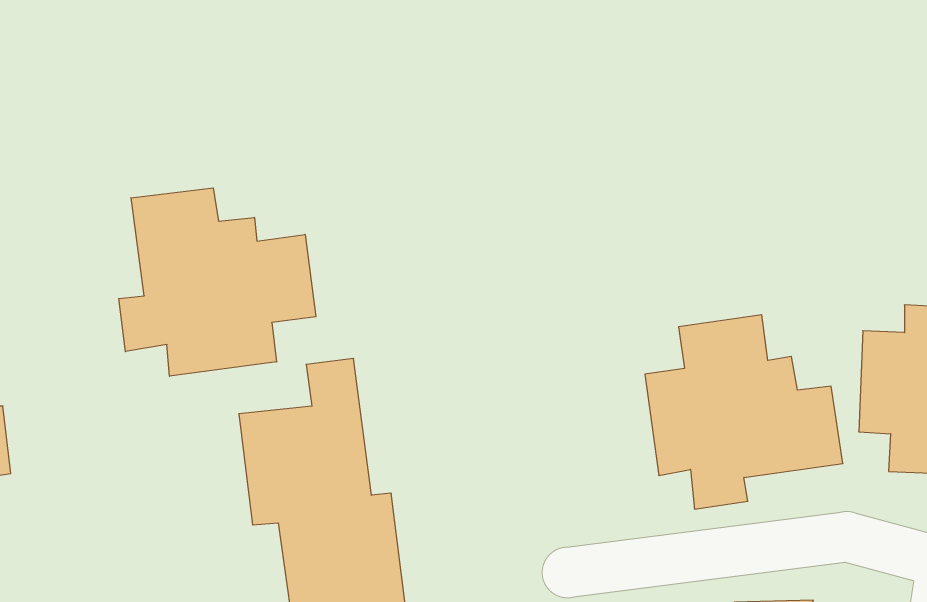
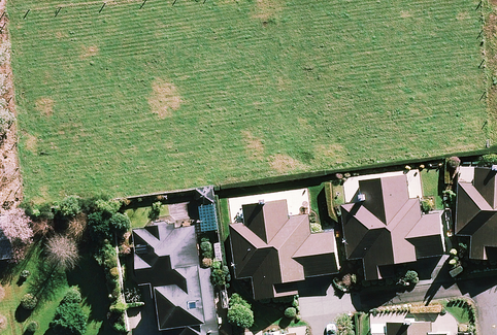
building: [119,188,316,376] -> none
building: none -> [230,196,338,297]

